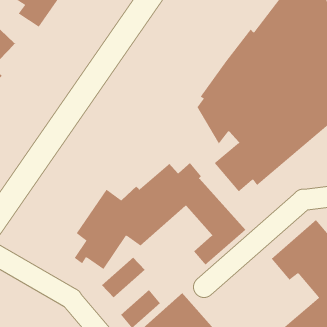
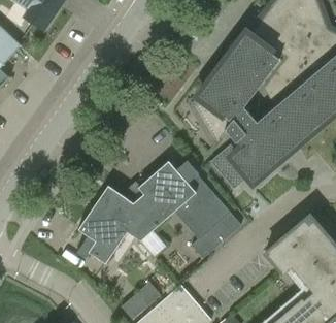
building: [101,257,145,298] -> none

